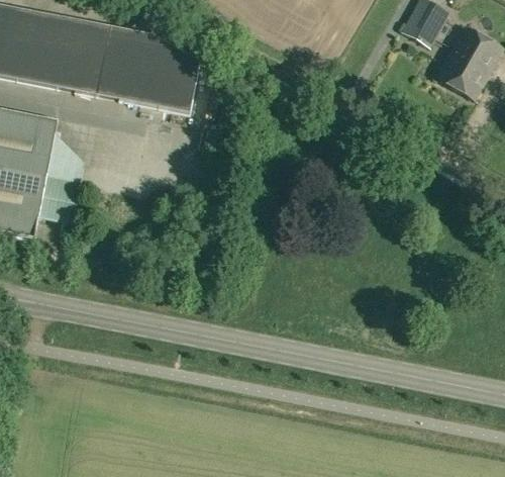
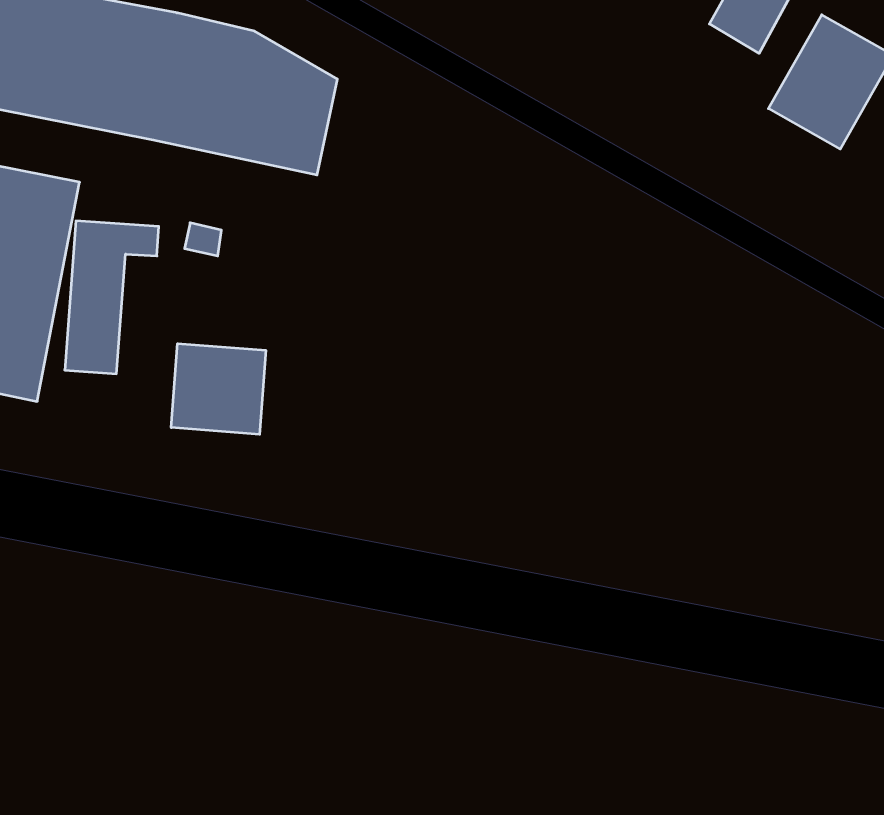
building: none -> [171,344,266,434]

